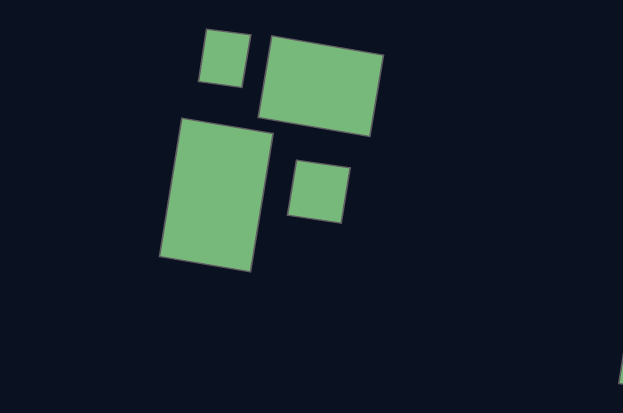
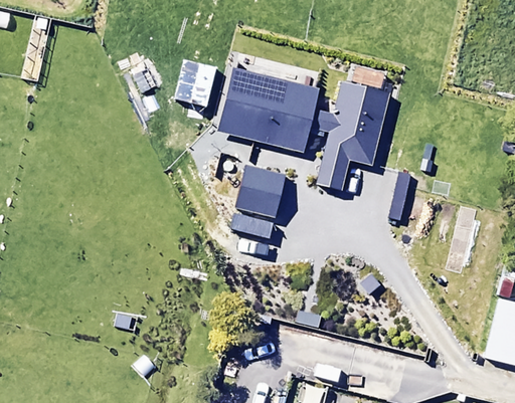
building: none -> [316,81,389,191]
building: [159,118,273,272] -> none

